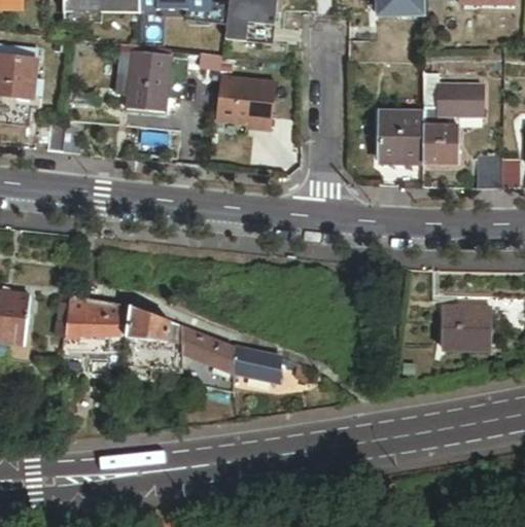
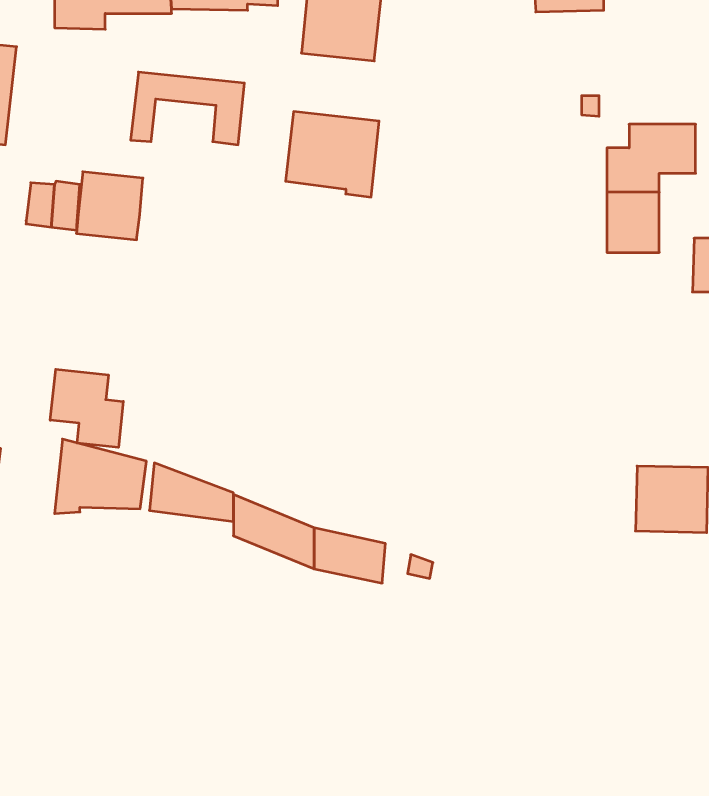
building: [126,67,169,111] -> [76,172,143,240]
building: [379,112,423,166] -> none
building: none -> [50,369,123,447]

